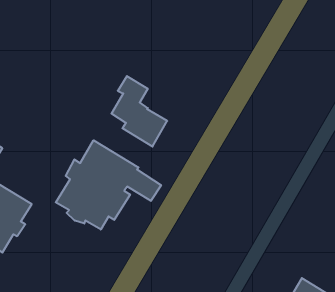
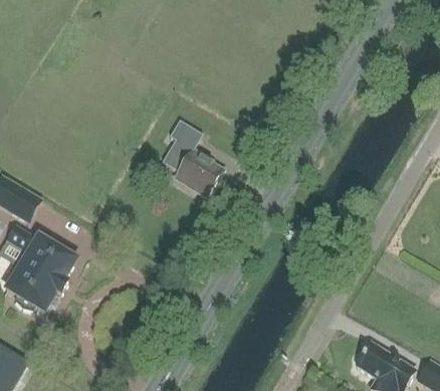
building: [56,140,161,230] -> none

